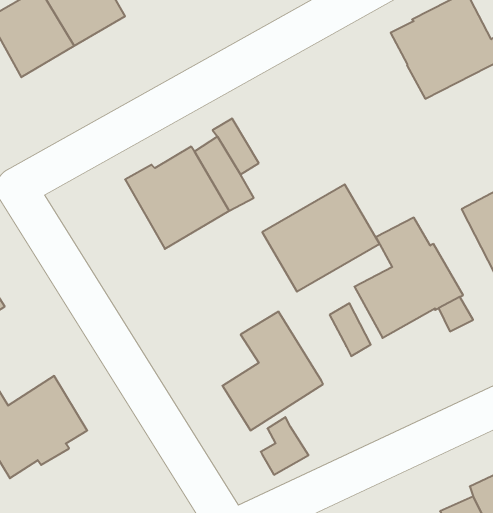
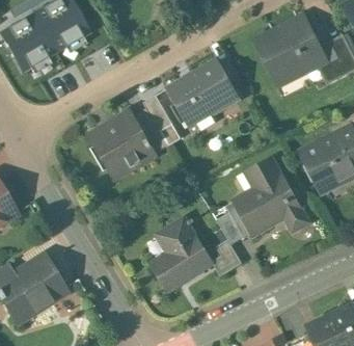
building: [262,184,379,292] -> [166,59,240,127]
building: [261,417,309,475] -> [212,239,242,275]

